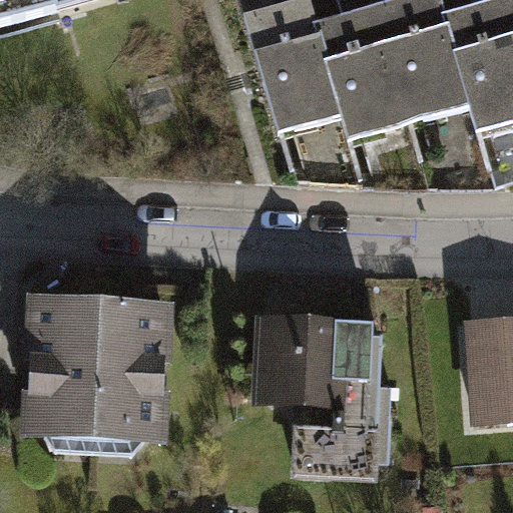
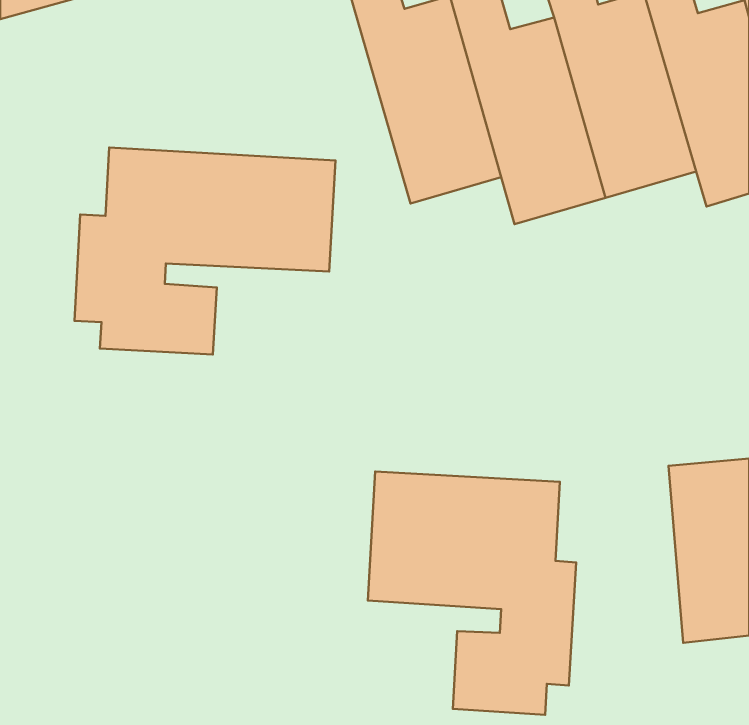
building: none -> [75,148,336,354]
building: [31,303,172,454] -> none

